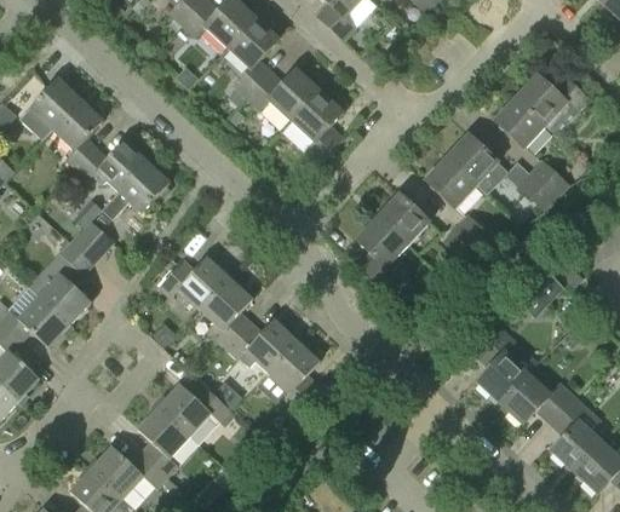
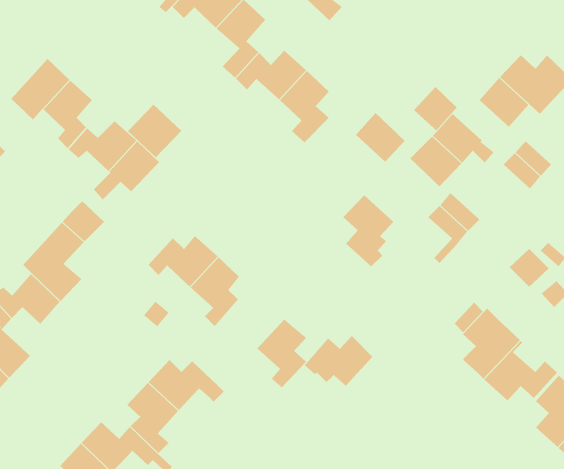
building: none -> [413,86,458,131]
building: none -> [127,104,182,158]
building: [378,192,429,243] -> [355,112,405,162]
building: [226,320,297,372] -> [304,335,373,387]

